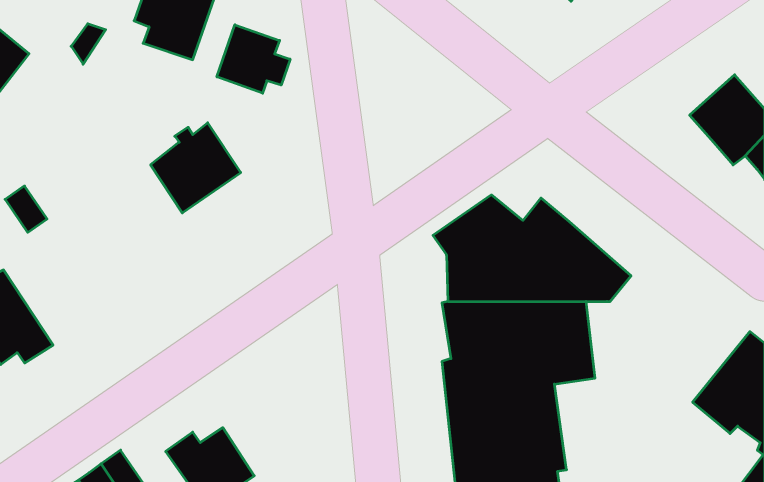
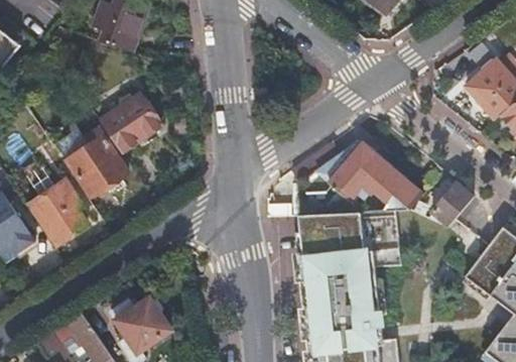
building: [217,25,290,93] -> none
building: none -> [69,127,129,197]
building: none -> [30,176,88,246]
building: none -> [431,182,475,227]

